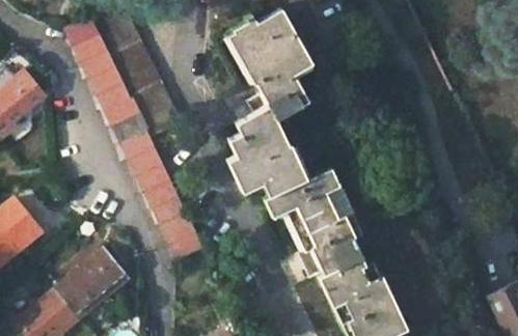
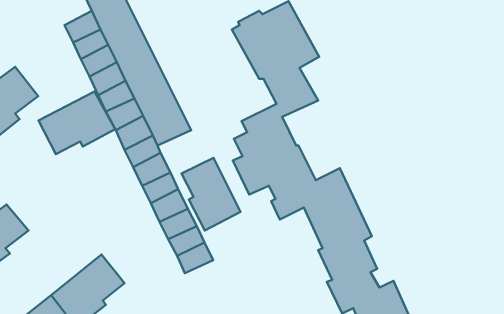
building: none -> [38,91,115,154]
building: none -> [182,158,240,230]

